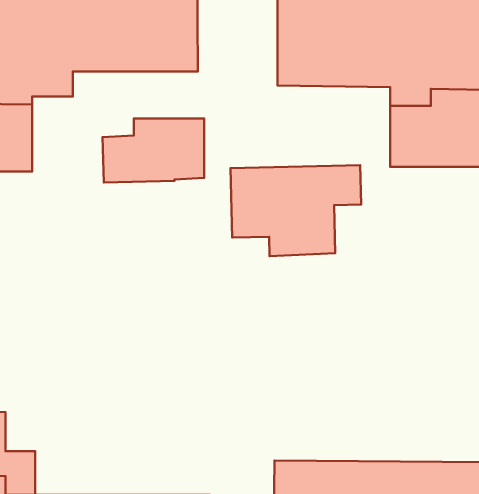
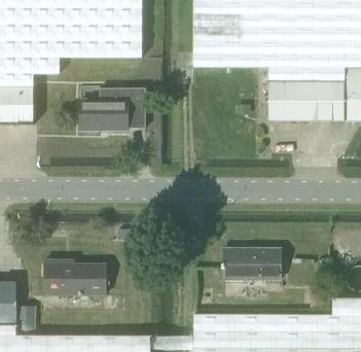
building: [231,165,361,256] -> none
building: none -> [223,248,279,290]
building: none -> [43,259,105,294]

